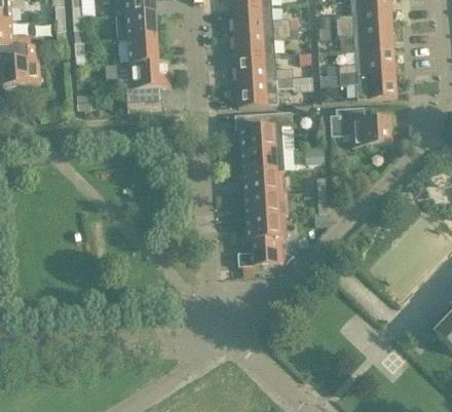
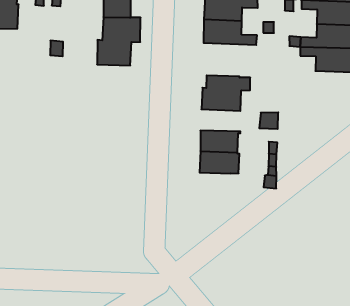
building: [237,77,294,106] -> none
building: [330,107,391,151] -> none
building: [241,148,285,173] -> none
building: [237,214,287,265] -> none

